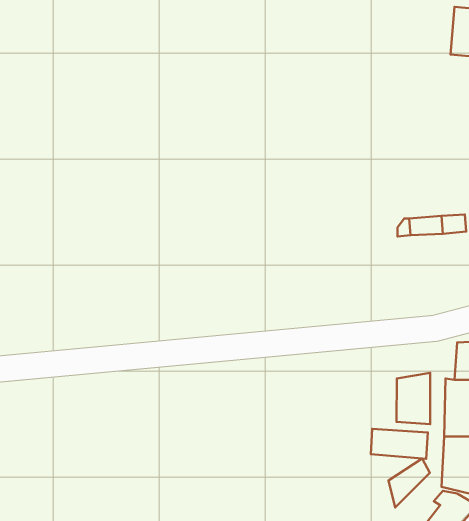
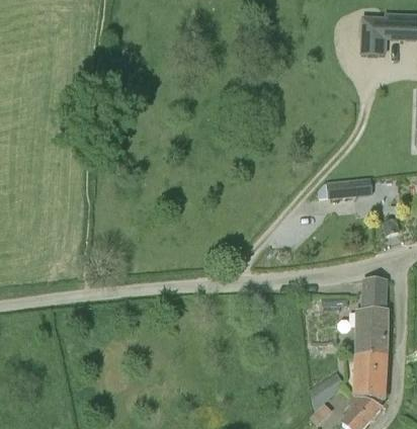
building: [396,373,430,424] -> none
building: [371,429,428,459] -> none

